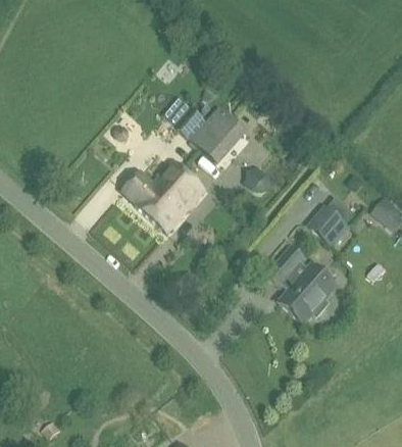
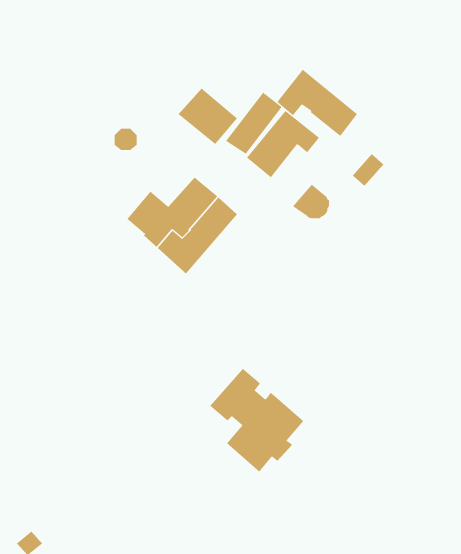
building: none -> [276,69,358,137]
building: [309,209,344,243] -> none
building: [266,249,336,326] -> [209,368,304,473]

